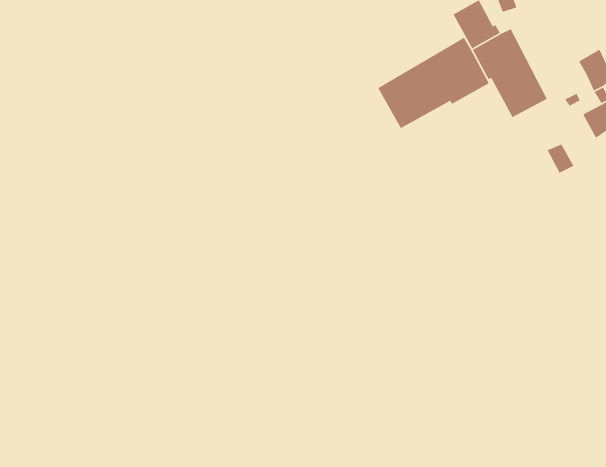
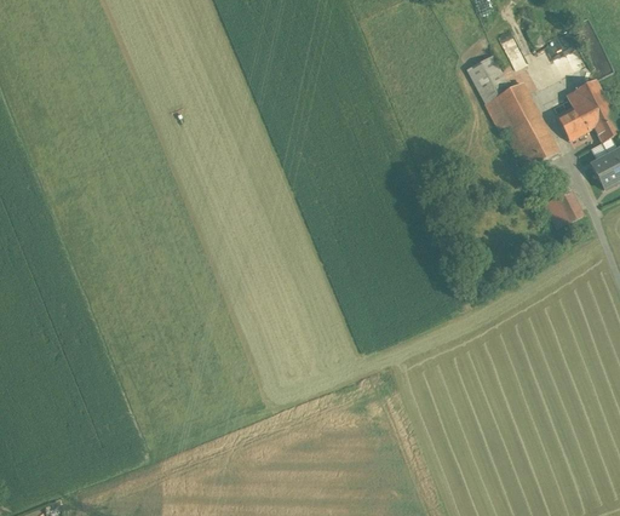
building: none -> [556,78,608,139]
building: [377,37,490,129] -> none

